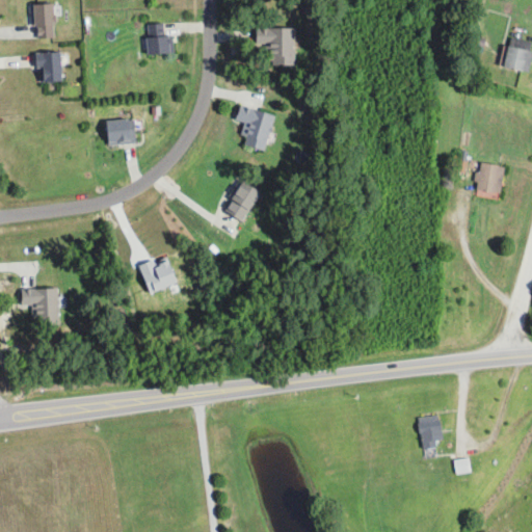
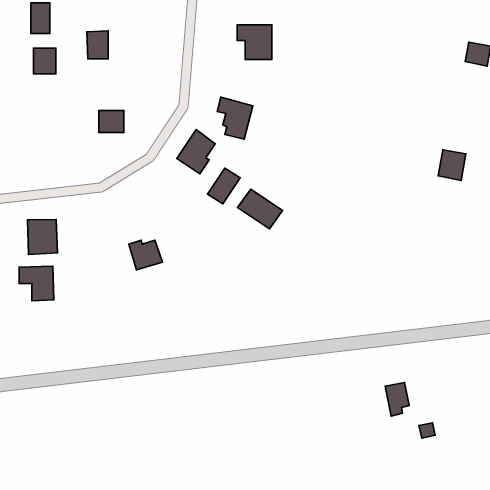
building: [147,24,169,54] -> [87,31,108,59]
building: none -> [177,130,215,174]
building: none -> [238,189,283,229]
building: none -> [28,219,57,255]

